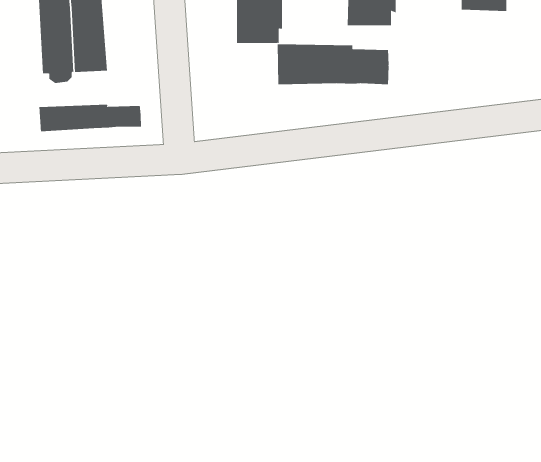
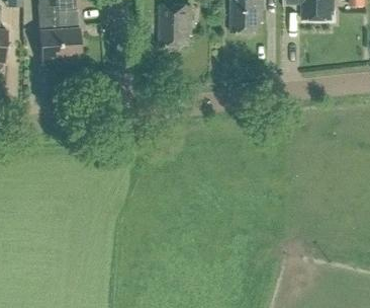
building: [277,43,389,85] -> none
building: [39,104,141,132] -> none

